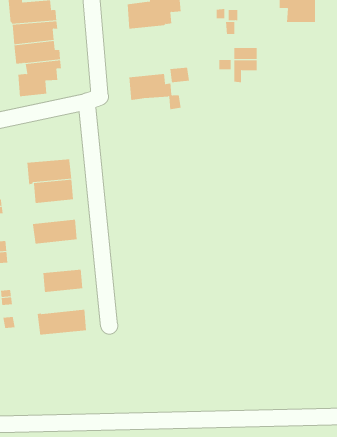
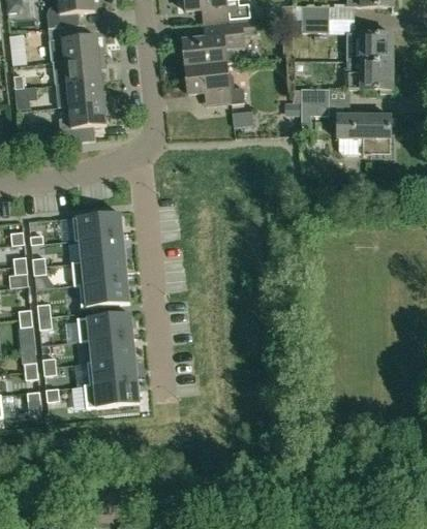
building: none -> [345,59,394,88]
building: none -> [338,113,394,158]
building: [129,74,182,110] -> [185,62,244,102]
building: none -> [70,256,126,284]
building: none -> [77,311,132,340]
building: none -> [86,355,136,382]

